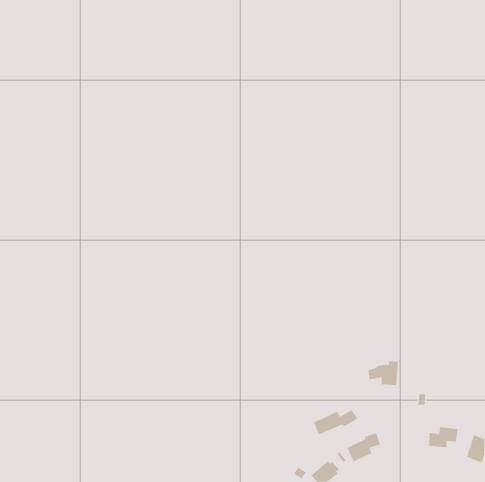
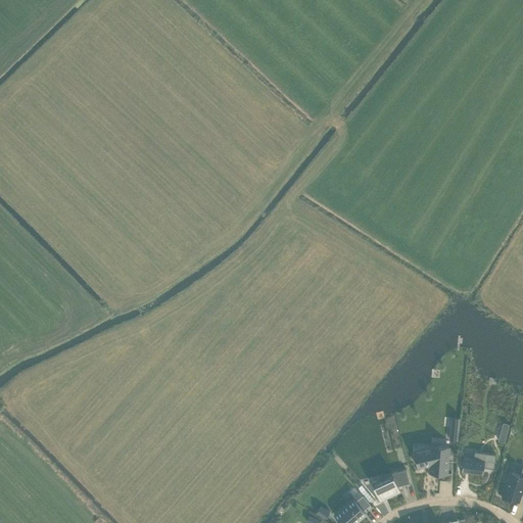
building: [367,361,399,385] -> [416,443,449,470]
building: [313,409,358,435] -> none

